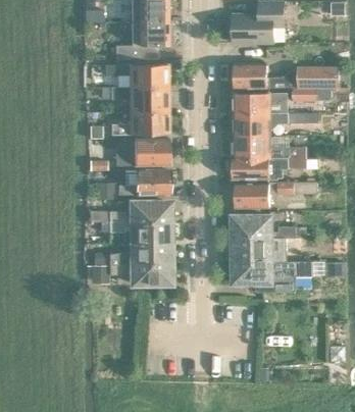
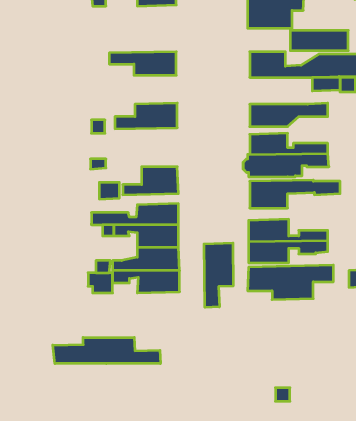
building: [115,21,167,60] -> none
building: [111,86,168,112] -> none
building: [235,94,288,112] -> [290,30,348,51]
building: [116,138,168,166] -> none
building: none -> [204,243,233,307]
building: none -> [53,337,160,364]

